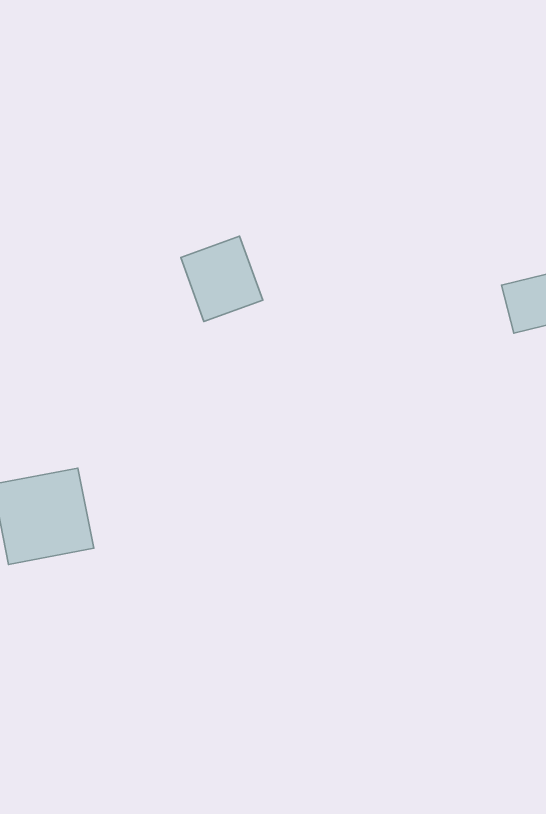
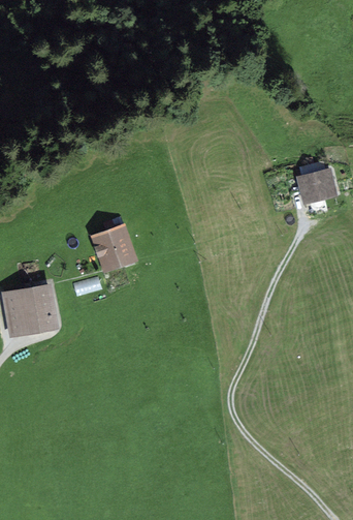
building: [181,236,263,322] -> [90,222,137,272]

